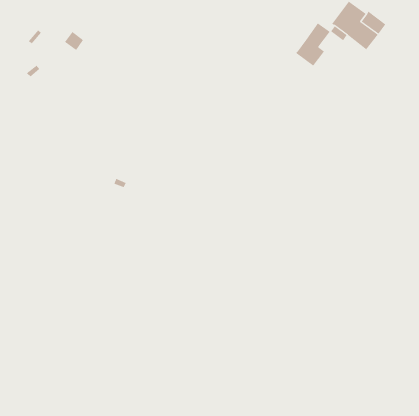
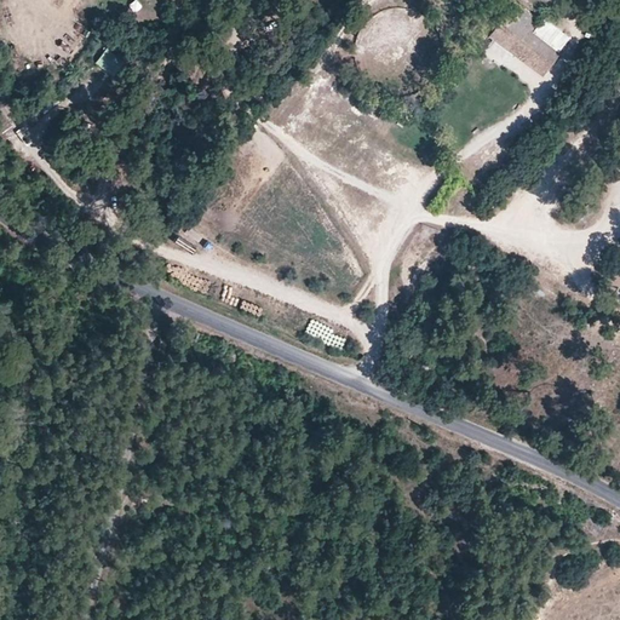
building: [295,23,331,66] -> none

